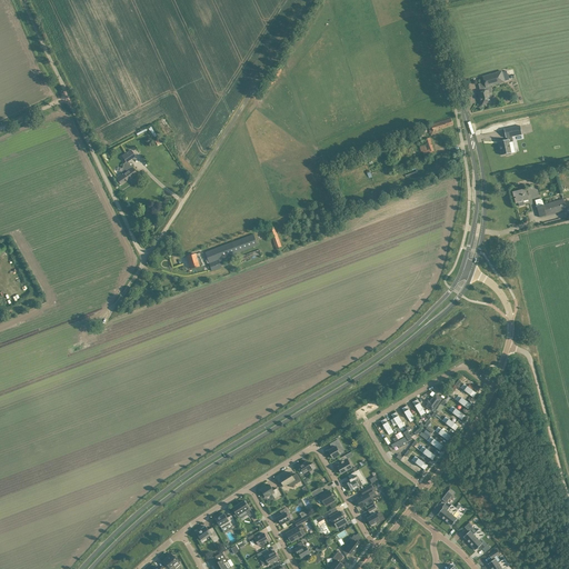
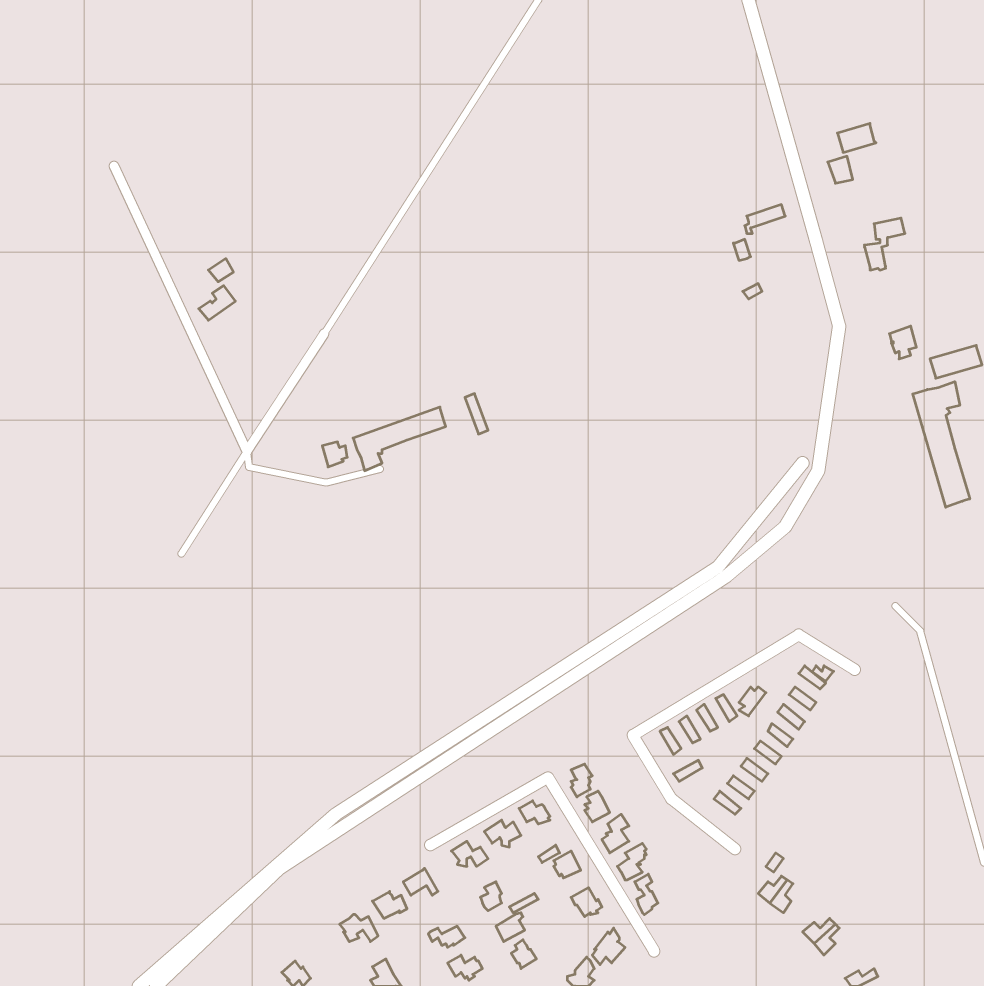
building: none -> [913,382,970,507]

